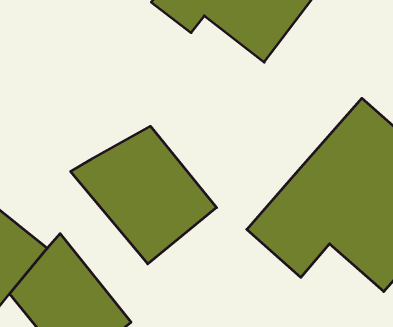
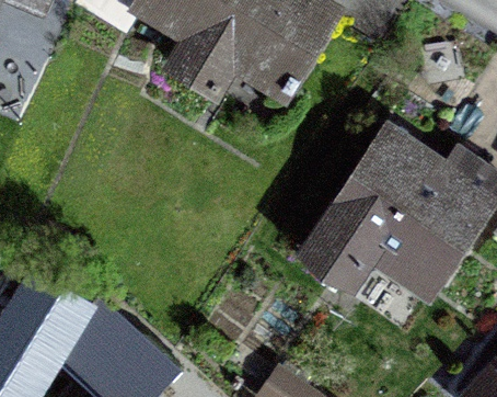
building: [71,126,217,264] -> none

